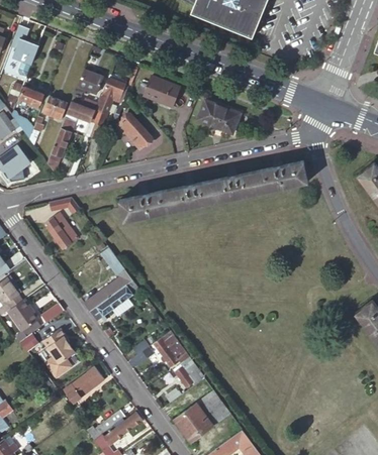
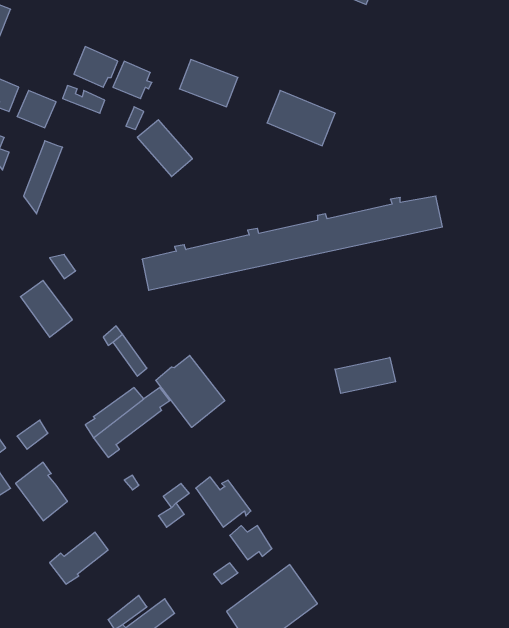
building: [60,101,94,130] -> none
building: none -> [156,355,225,427]
building: none -> [335,357,396,393]

